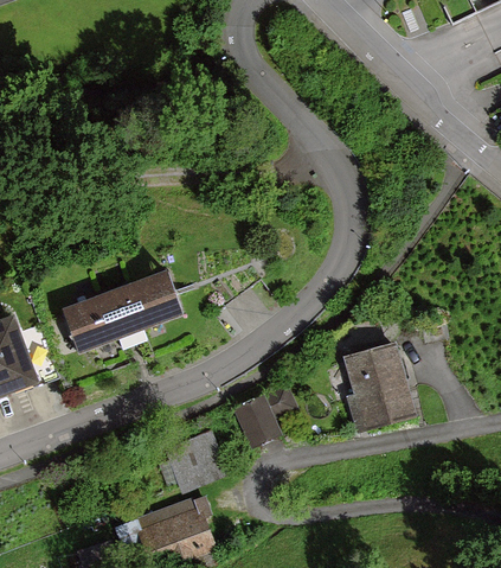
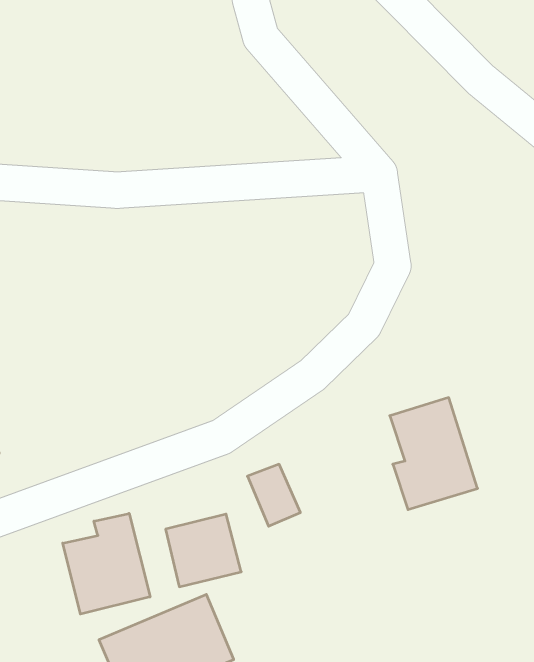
building: [60,273,180,355] -> none
building: none -> [63,513,150,614]

